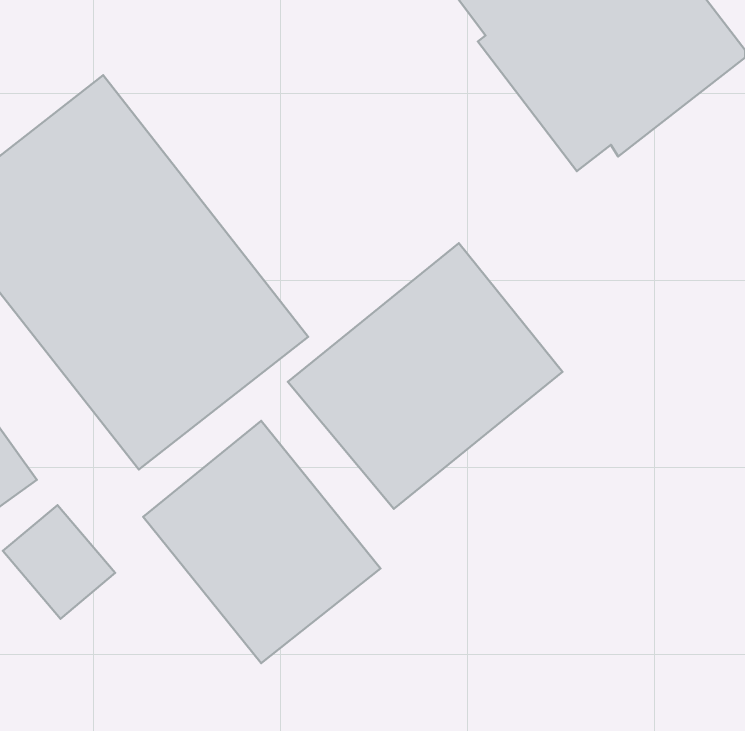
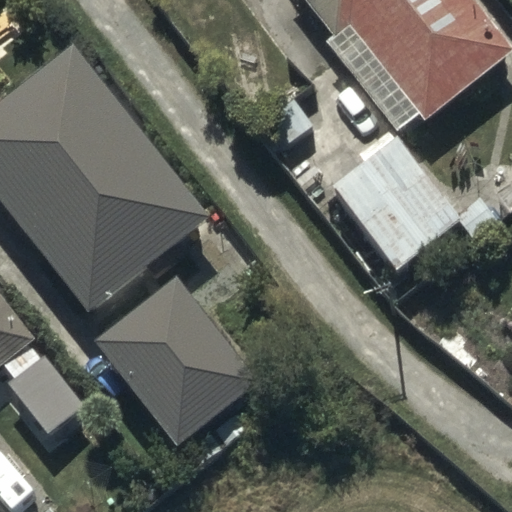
building: none -> [326,122,487,254]
building: [288,243,562,509] -> none

